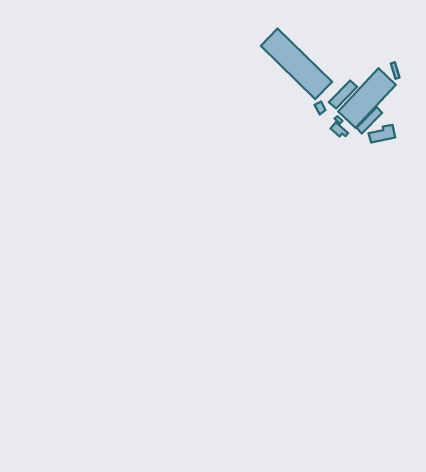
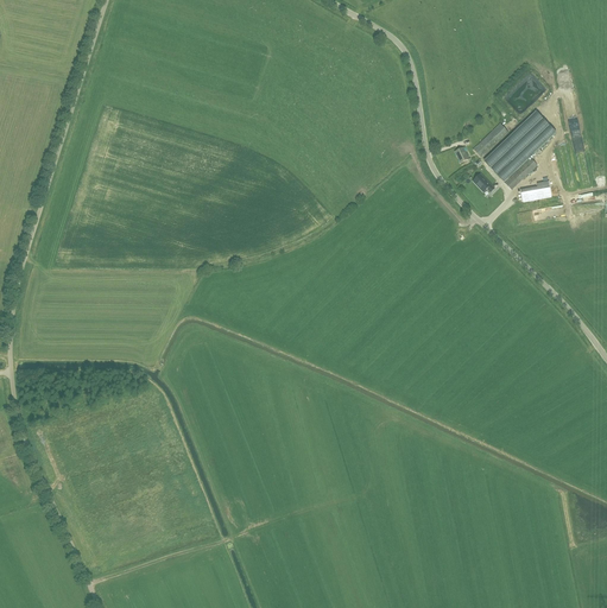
building: [261,29,332,99] -> none

